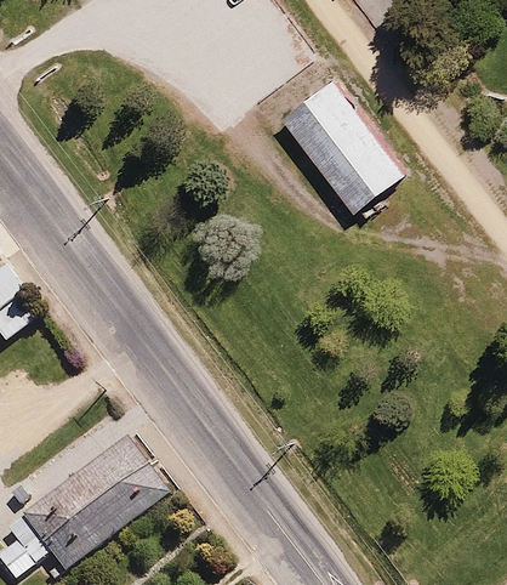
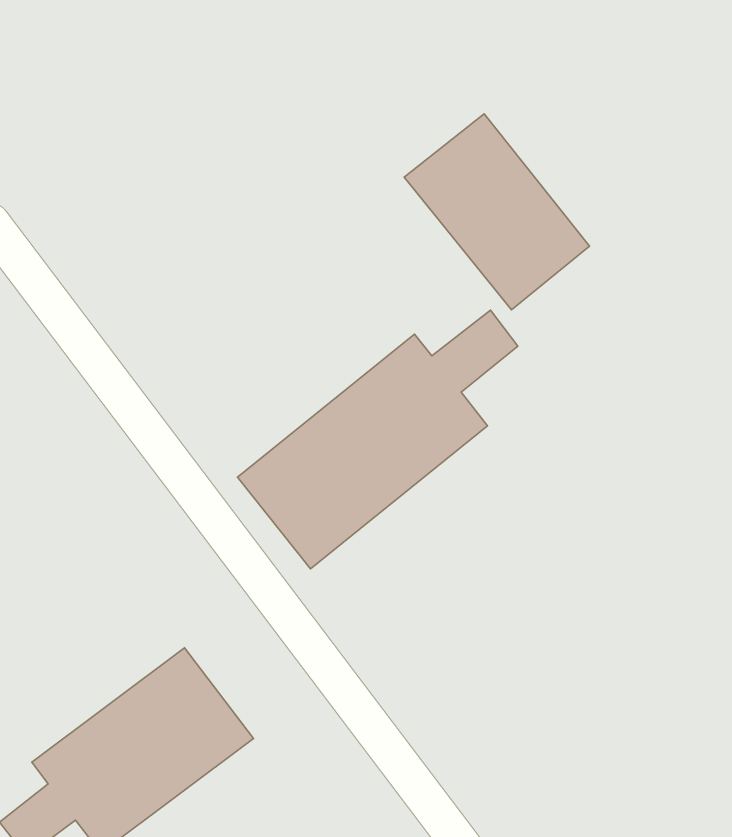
building: none -> [237,310,518,569]

